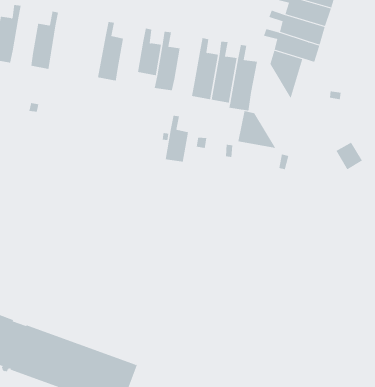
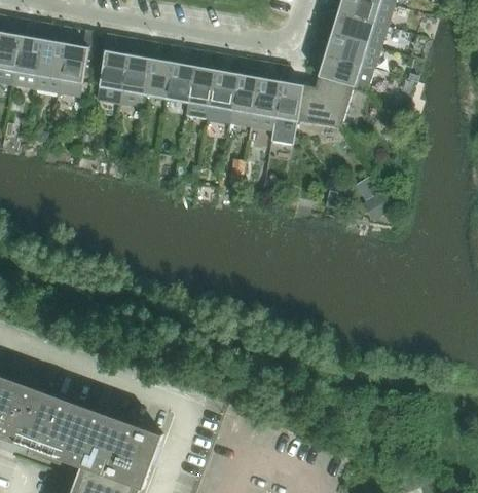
building: none -> [15,23,49,89]
building: none -> [60,30,93,97]
building: none -> [96,34,124,103]
building: none -> [140,41,168,97]
building: [238,110,277,149] -> [294,84,339,128]
building: [165,115,189,162] -> [206,53,233,108]
building: [335,142,363,170] -> [360,189,392,222]

